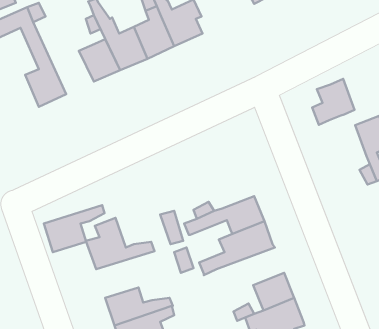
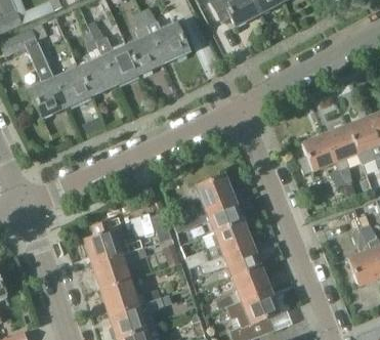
building: none -> [53,68,91,107]
building: [312,79,355,125] -> [297,134,335,175]
building: none -> [196,173,235,209]
building: [44,205,104,252] -> [93,247,147,289]
building: none -> [201,244,261,278]

